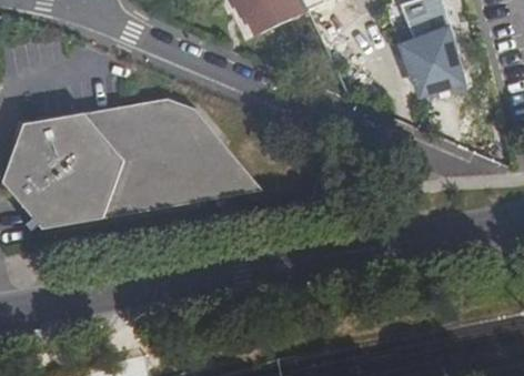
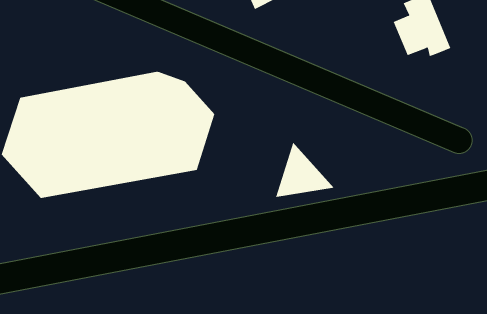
building: [200,142,260,199] -> [275,142,335,198]

